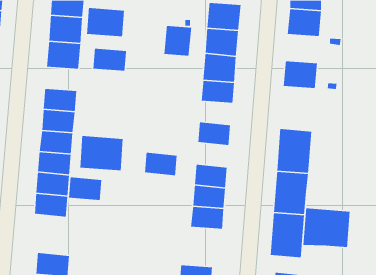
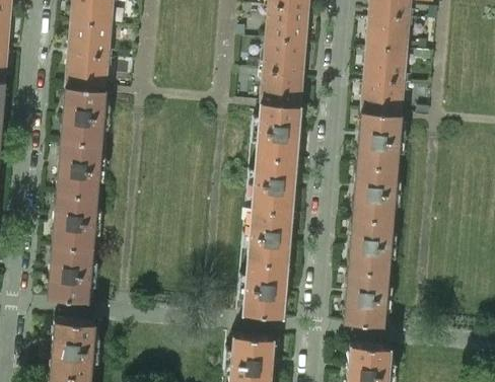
building: [86,7,125,37] -> none
building: [164,25,192,57] -> none
building: none -> [364,50,407,85]
building: [93,48,127,72] -> [64,90,107,120]
building: none -> [357,114,402,170]
building: none -> [257,133,299,162]
building: [80,135,123,171] -> none
building: [144,152,178,176] -> [253,184,294,215]
building: [68,176,102,201] -> [49,274,91,304]
building: [302,208,351,248] -> none
building: none -> [243,290,286,320]

